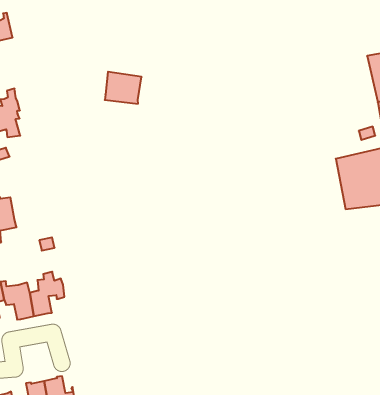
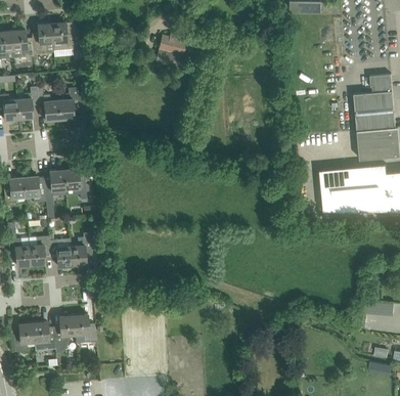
building: [105,72,142,104] -> [155,35,186,62]
building: none -> [63,168,88,199]

